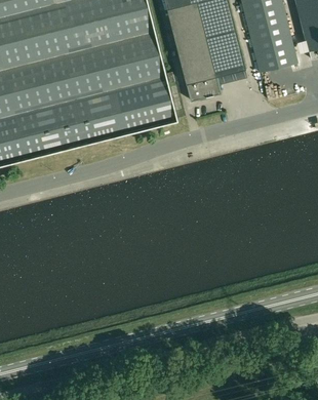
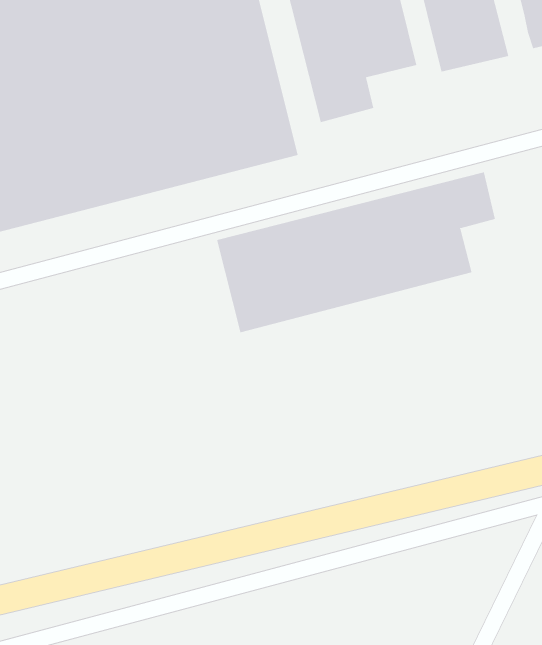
building: none -> [217,172,496,333]

